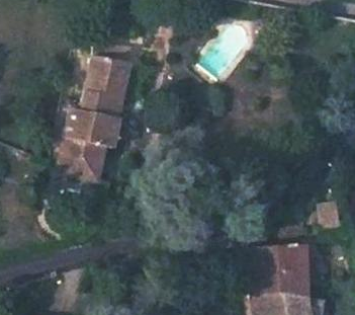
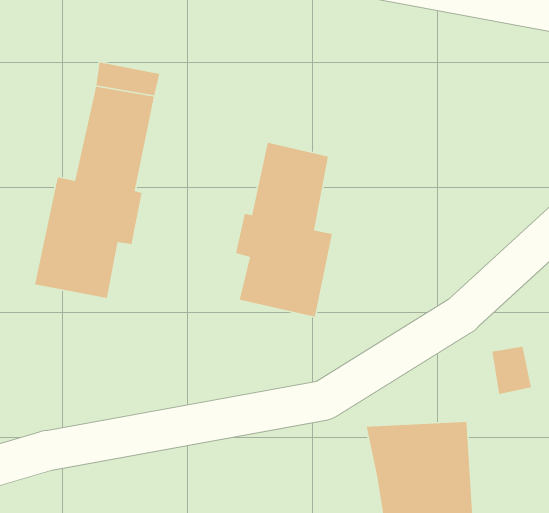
building: none -> [235,142,333,317]

